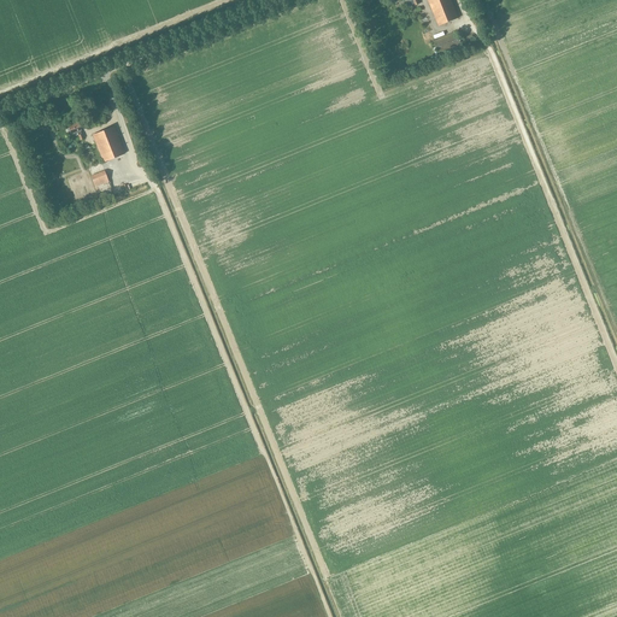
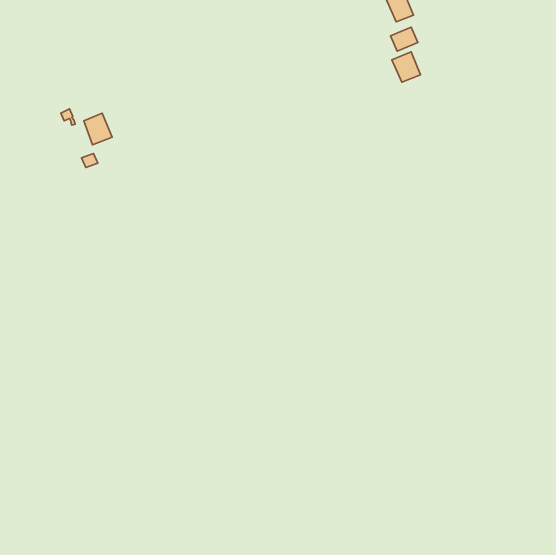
building: none -> [392,52,421,82]

